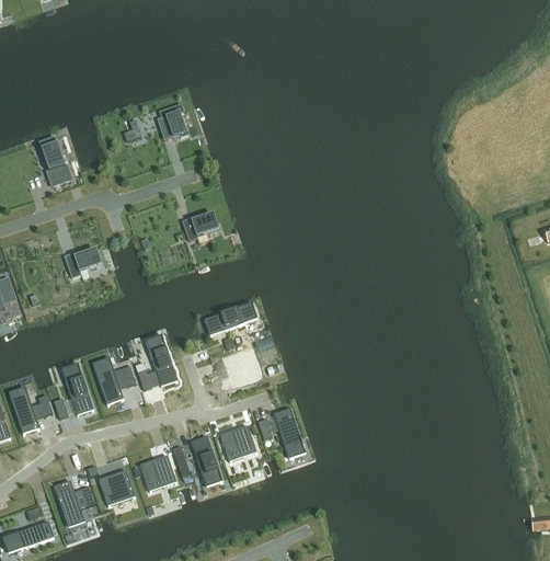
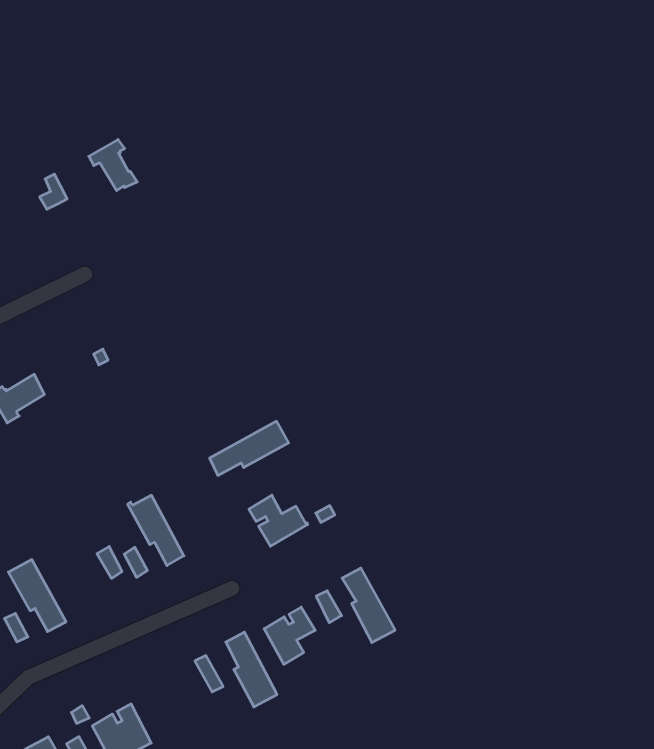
building: [183,213,218,240] -> none
building: [98,362,123,403] -> none
building: [140,455,172,490] -> none

